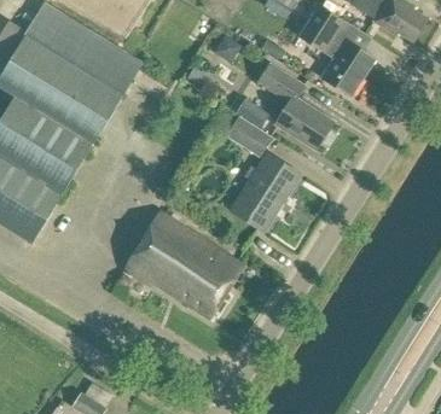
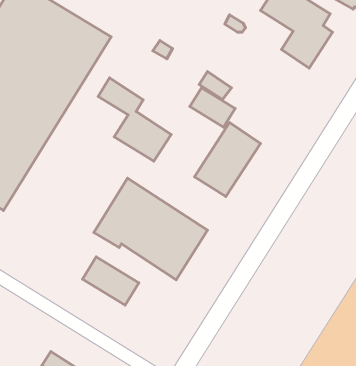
building: [257,62,333,148] -> [98,78,171,161]
building: none -> [83,257,139,305]

